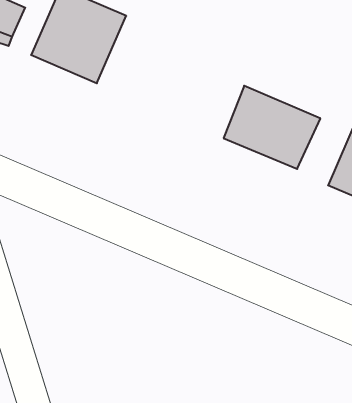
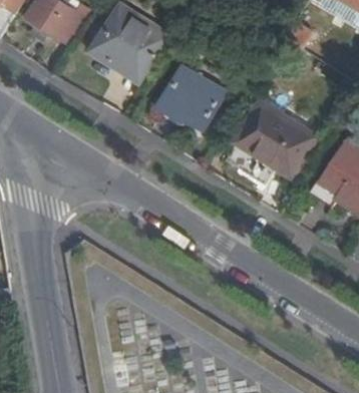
building: none -> [159,67,224,126]

